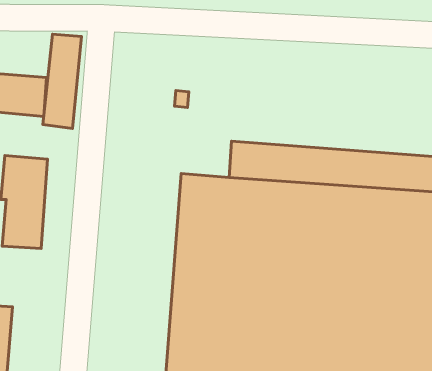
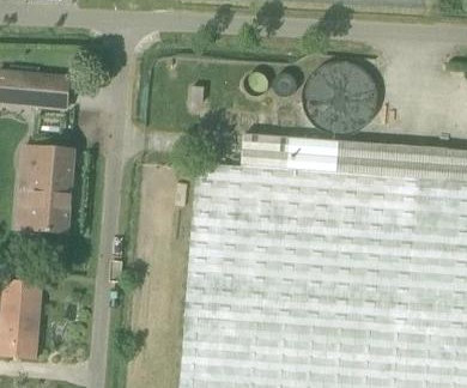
building: [43,34,81,129] -> none
building: none -> [309,67,368,141]

